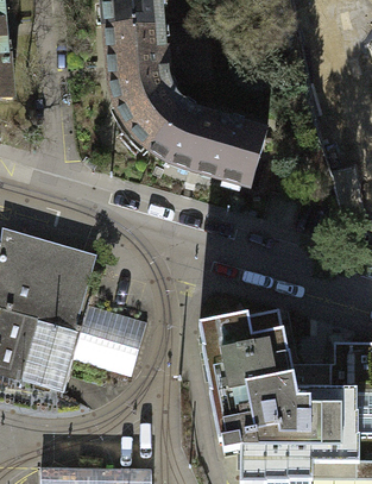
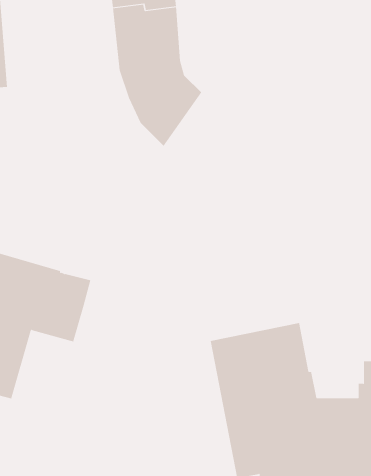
building: [155,101,269,187] -> none
building: [18,293,145,390] -> none

